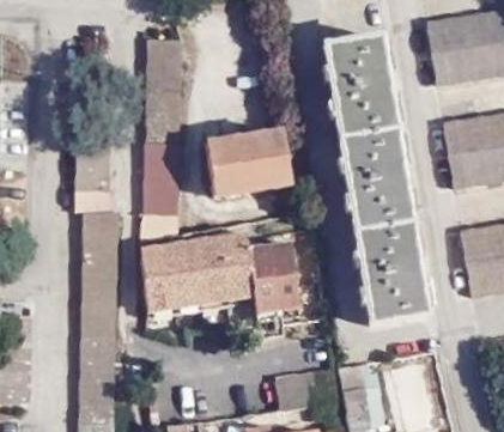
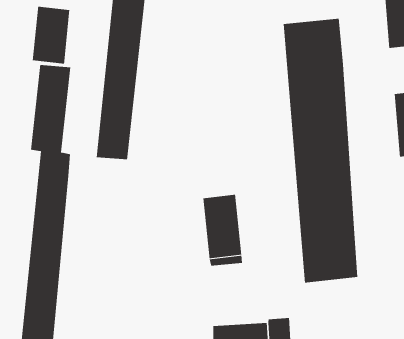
building: none -> [32,6,70,65]
building: [202,130,287,195] -> none
building: [136,223,257,309] -> none

